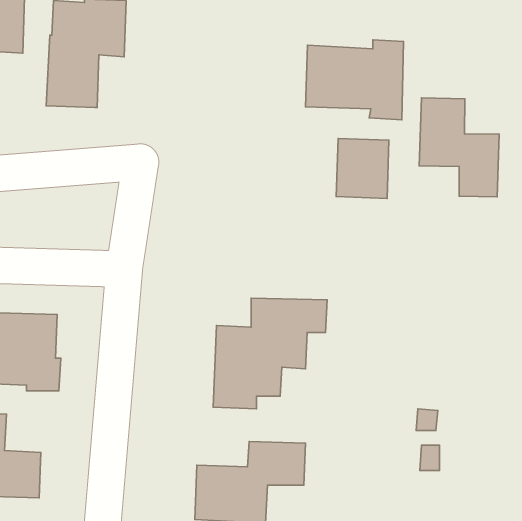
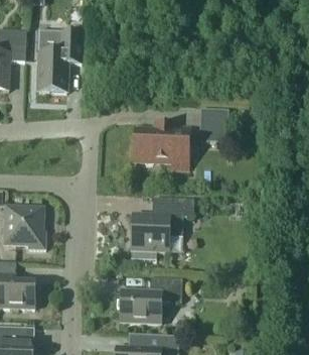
building: [306,40,404,120] -> [135,124,189,168]
building: [419,98,499,197] -> none

